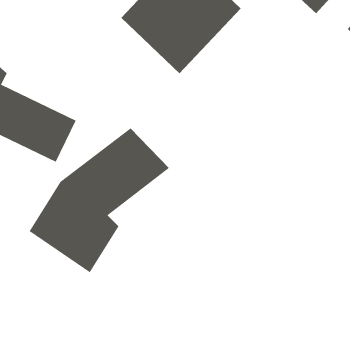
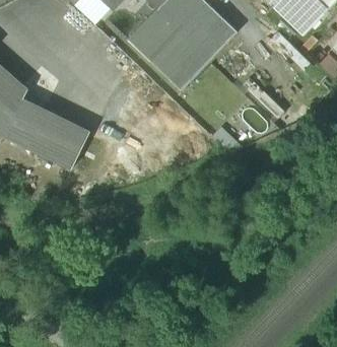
building: [29,127,170,273] -> none

